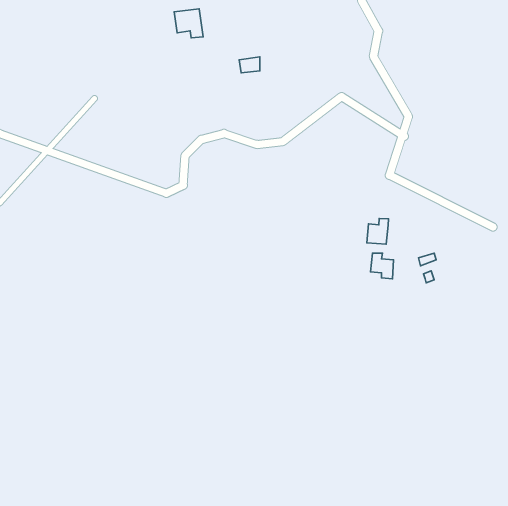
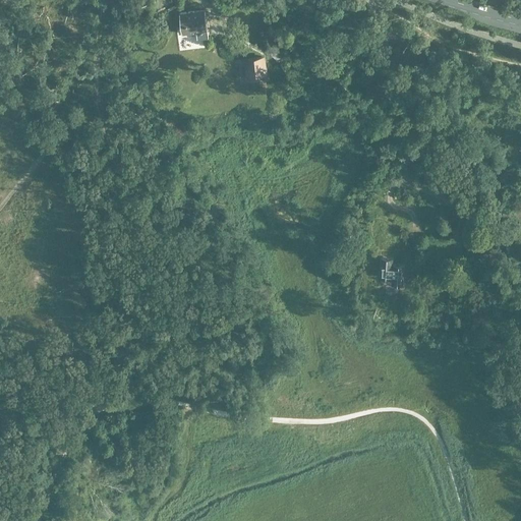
building: [367,219,389,244] -> none

